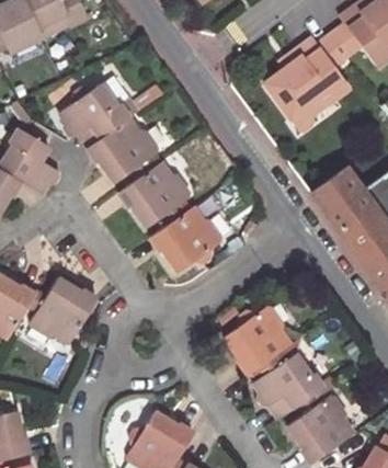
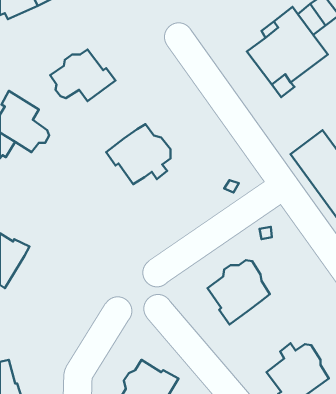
building: [84,116,153,181] -> none
building: [148,205,217,269] -> none
building: [31,277,96,343] -> none
building: [253,350,323,418] -> none

